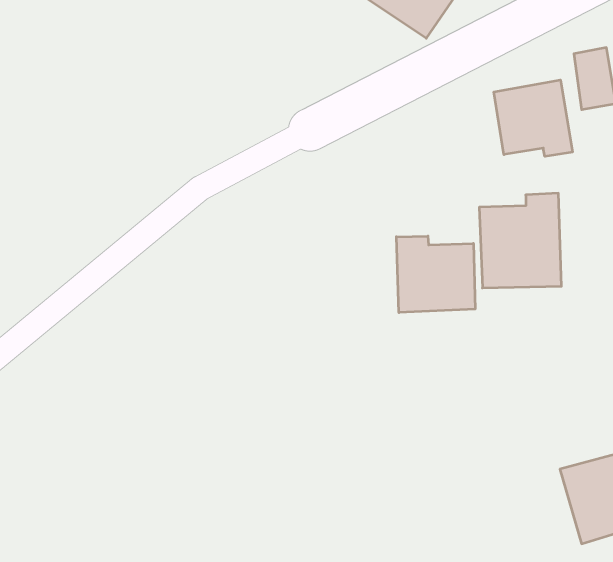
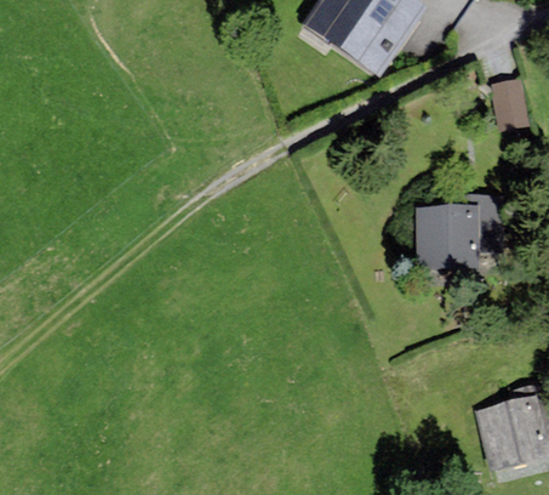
building: [494,80,572,156] -> none
building: [396,236,475,313] -> none

